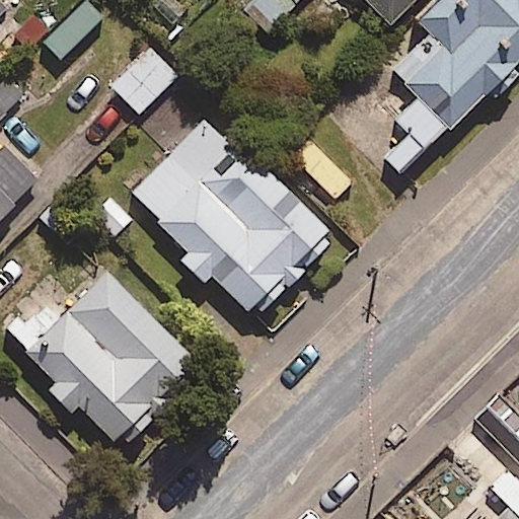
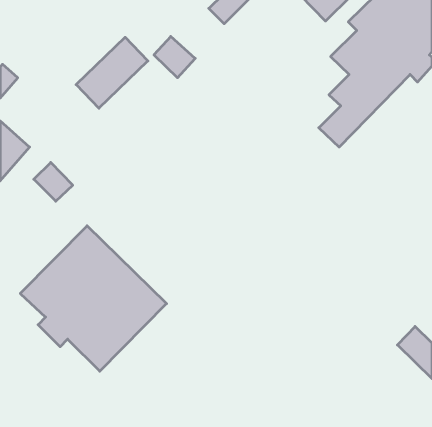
building: [131,115,333,317] -> none

